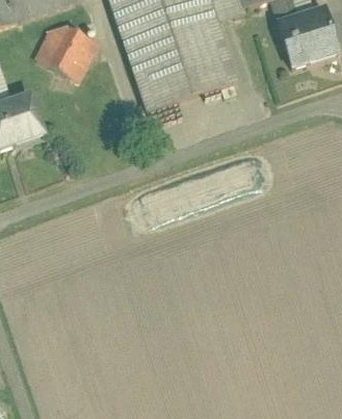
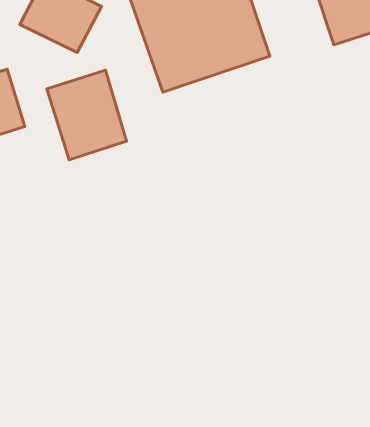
building: none -> [47,70,126,160]

